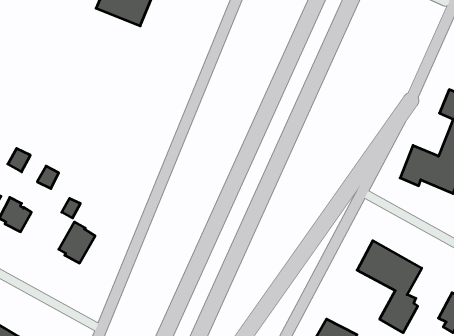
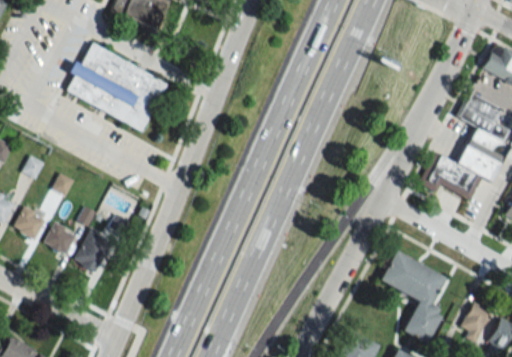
building: none -> [67,43,169,134]
building: none -> [44,221,76,255]

